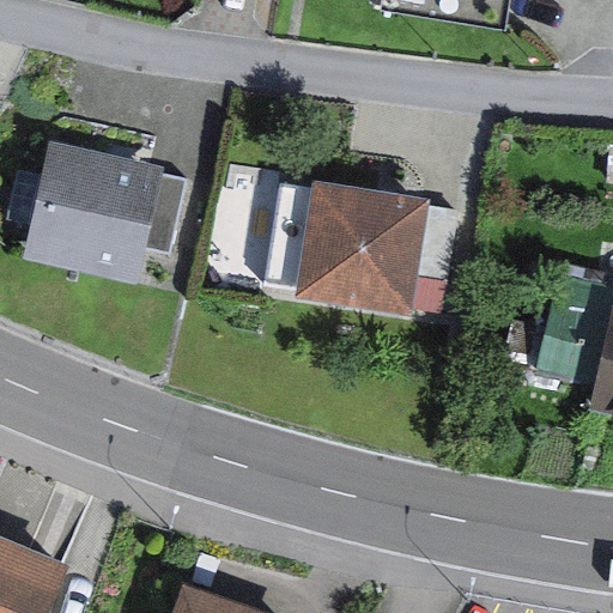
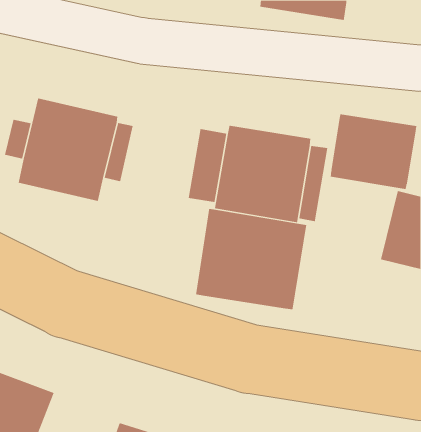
building: none -> [330,114,417,190]
building: none -> [195,208,307,310]

